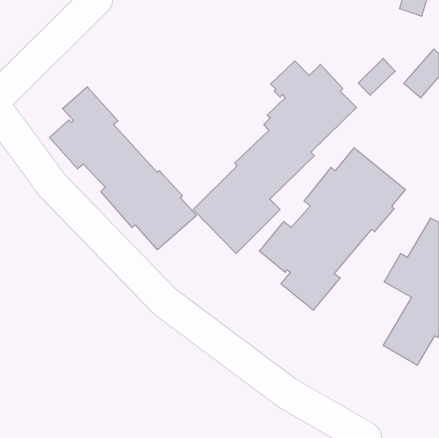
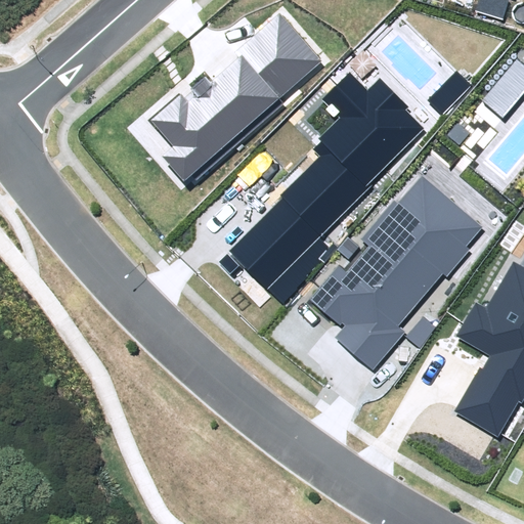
building: none -> [149,12,321,181]
building: [49,87,196,250] -> none

